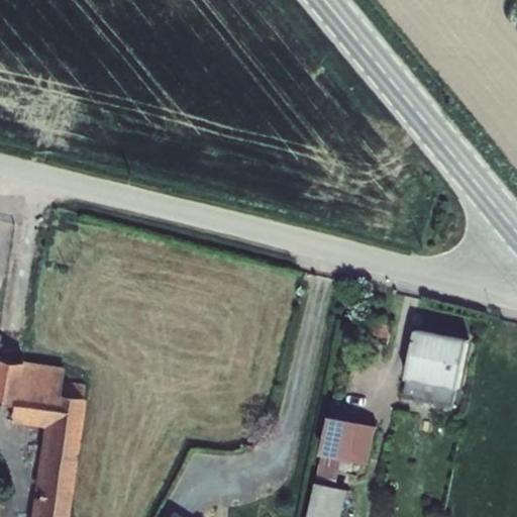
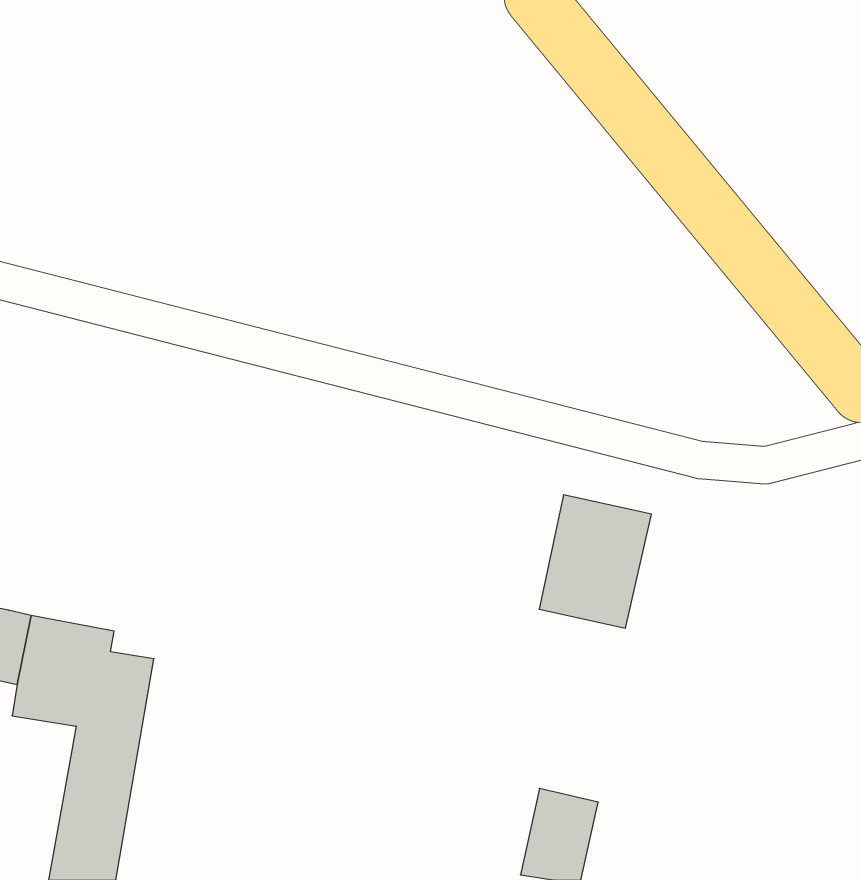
building: [402,335,468,413] -> [539,495,652,628]
building: [315,420,371,471] -> none

